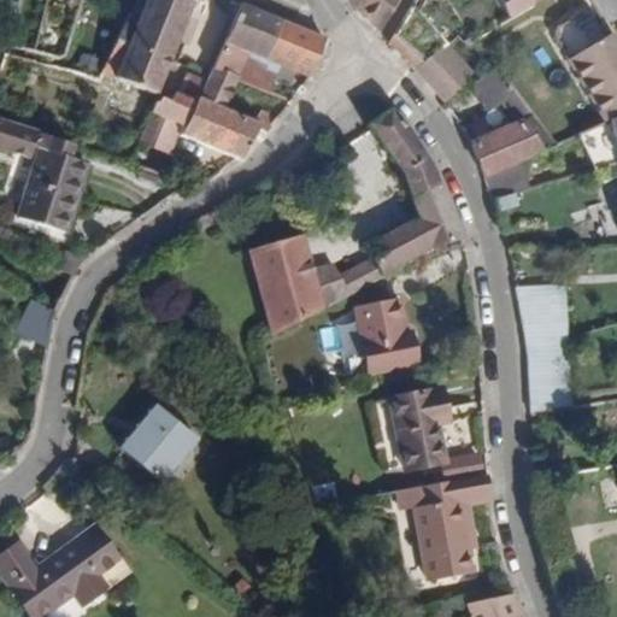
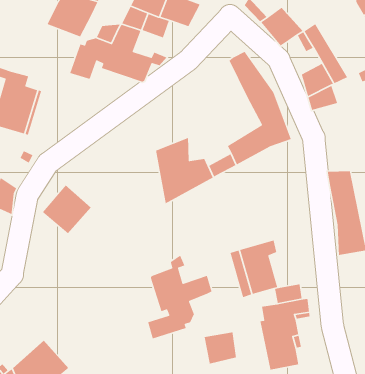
building: [358,298,416,369] -> none
building: [122,405,195,478] -> [42,185,91,234]
building: none -> [147,254,213,339]
building: none -> [204,331,237,365]

